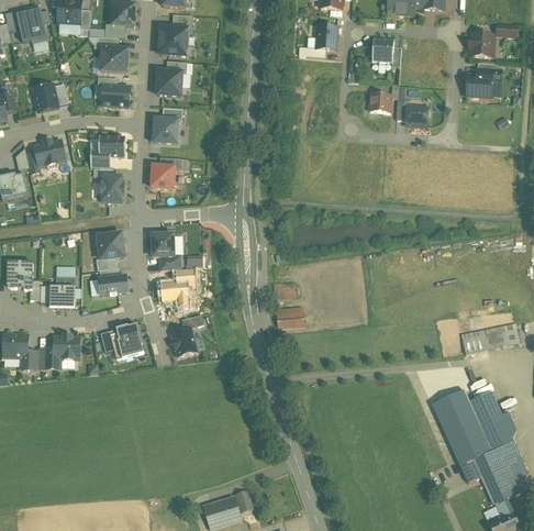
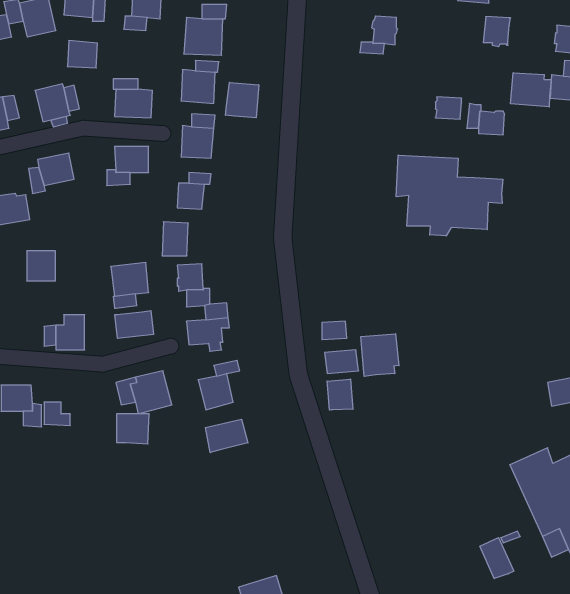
building: [370,37,393,63] -> [483,17,511,47]
building: [100,46,125,69] -> [67,41,97,68]
building: none -> [511,73,551,107]
building: none -> [226,82,259,118]
building: none -> [396,155,503,236]
building: [102,174,124,202] -> [162,222,188,256]
building: [7,263,31,288] -> [27,251,55,281]
building: none -> [361,334,399,376]
building: none -> [327,379,353,410]
building: [53,335,80,361] -> [117,414,149,444]
building: none -> [205,419,248,453]
building: none -> [480,538,514,579]

